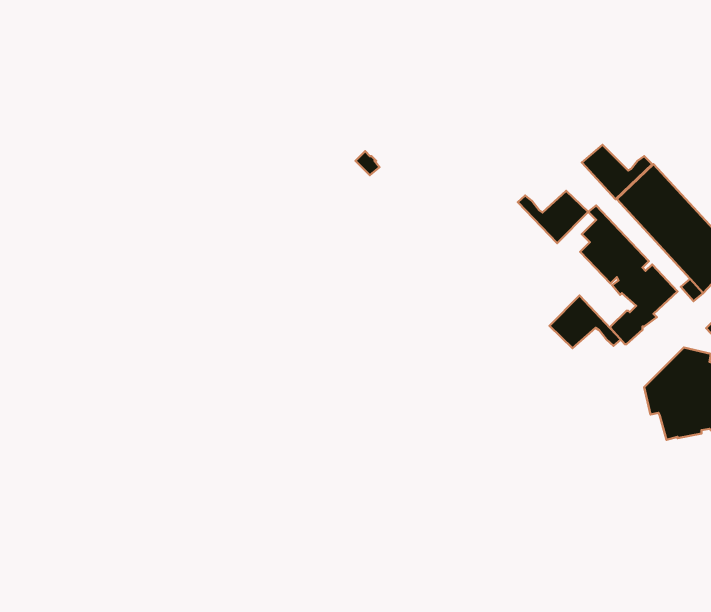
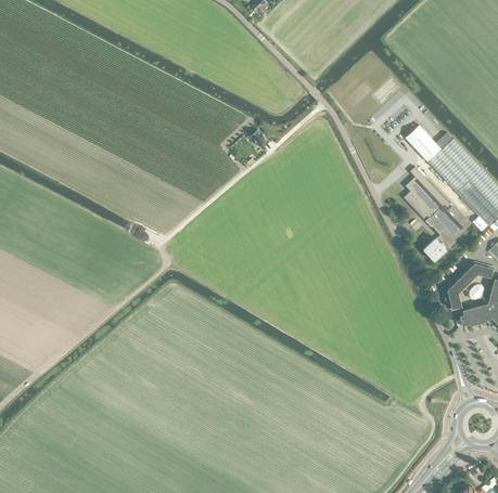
building: [518,191,588,243] -> none
building: [549,296,621,348] -> none

